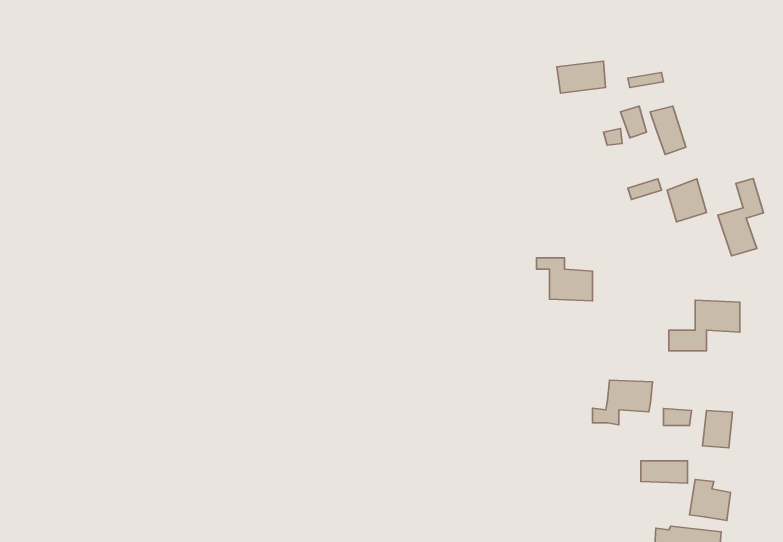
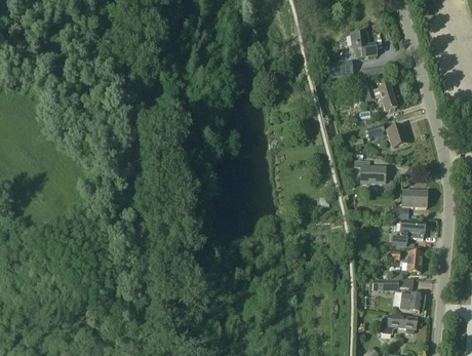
building: none -> [351,31,377,56]
building: [718,179,763,256] -> none
building: [536,258,592,301] -> [354,160,385,184]
building: [593,380,652,425] -> [392,221,425,245]

